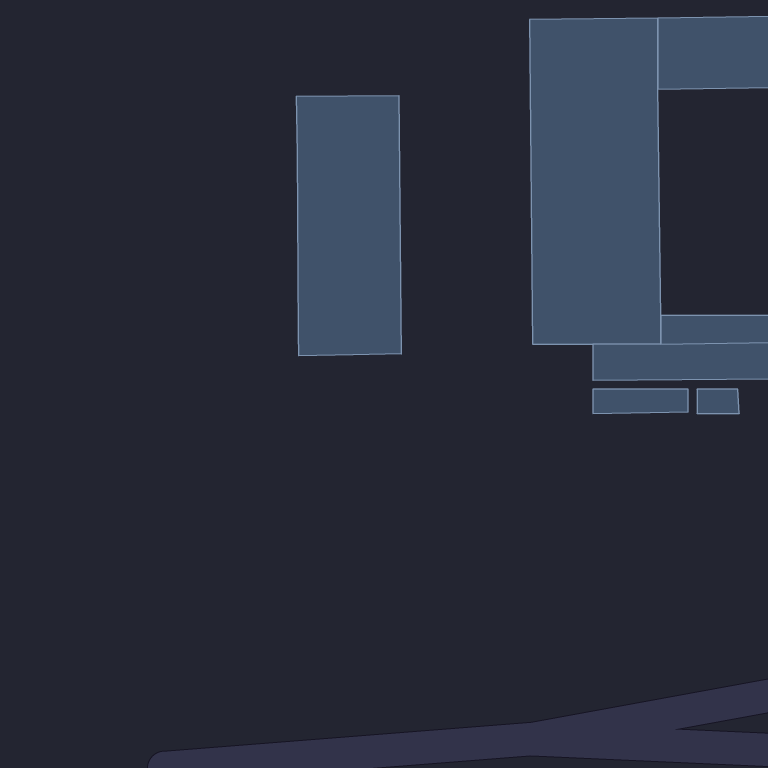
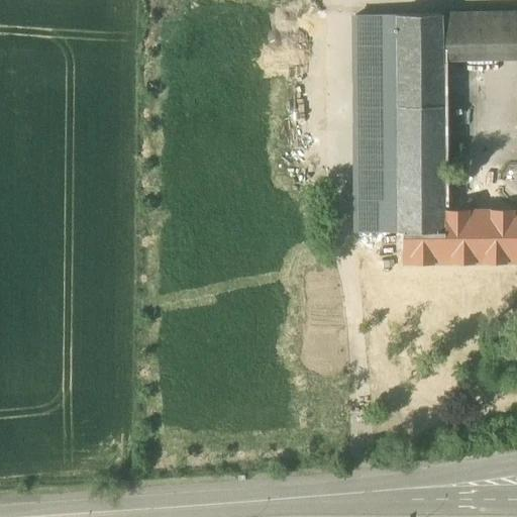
building: [296,96,401,356] -> none

